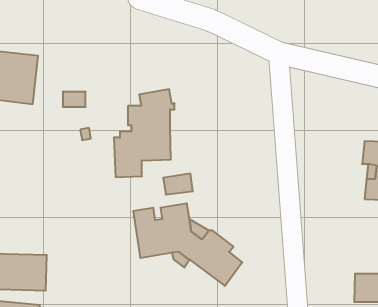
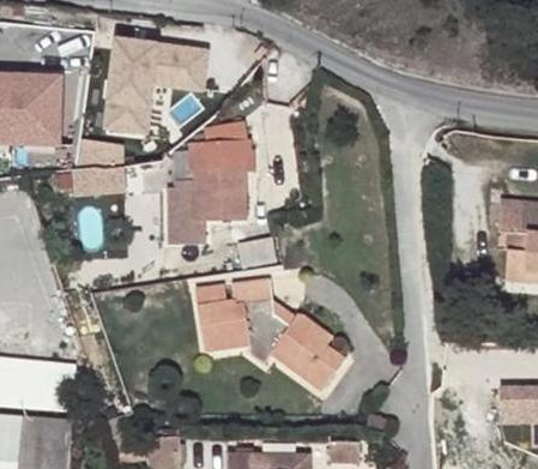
building: none -> [98,30,211,127]

